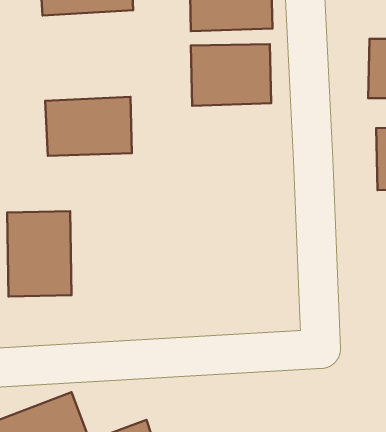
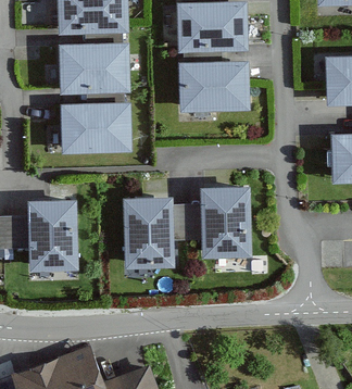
building: none -> [60,50,129,96]
building: none -> [200,186,252,259]
building: none -> [125,202,174,266]

